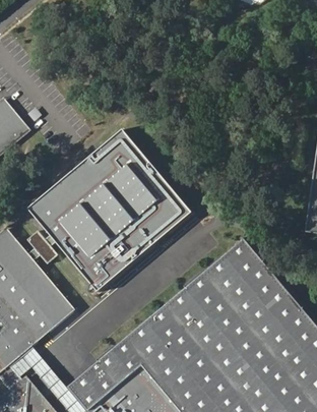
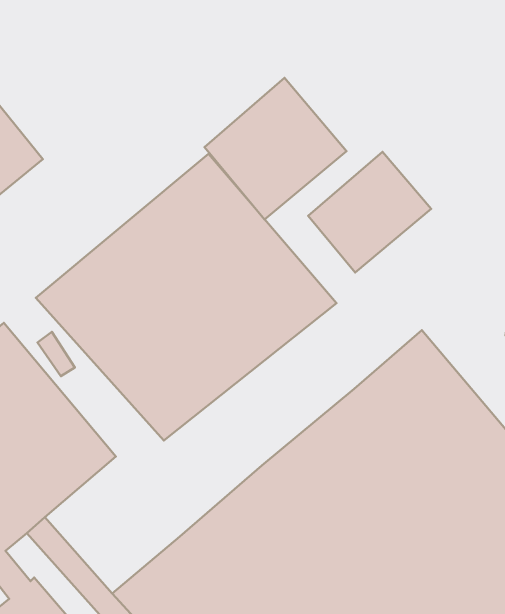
building: none -> [205,78,347,219]
building: none -> [308,152,431,272]

